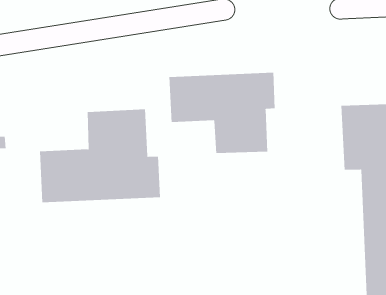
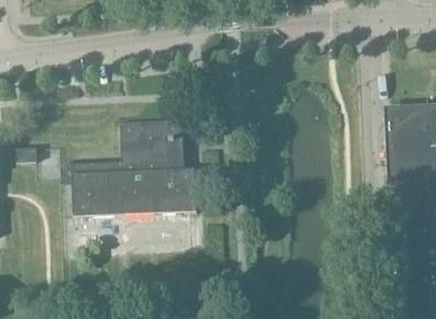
building: [169,72,275,154] -> none

